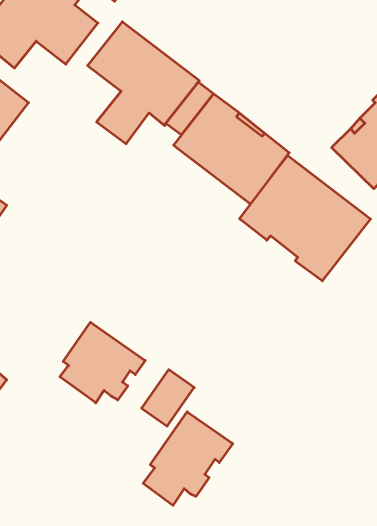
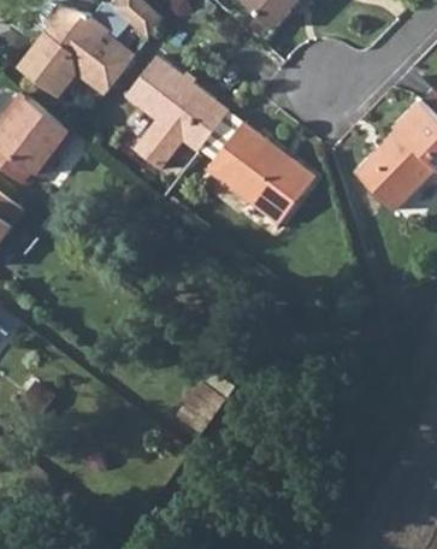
building: [240,155,371,281] -> none
building: [60,322,145,403] -> none
building: [143,412,233,505] -> none

